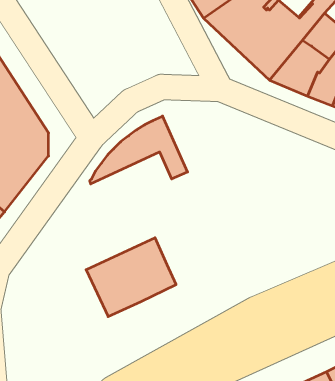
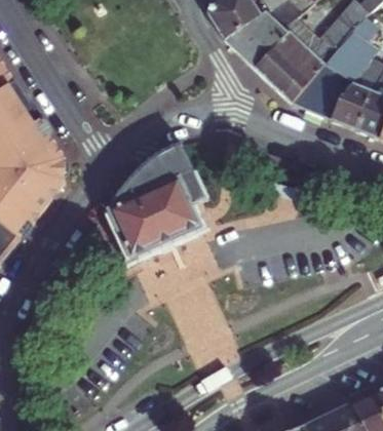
building: [86,238,176,317] -> [108,177,200,258]

